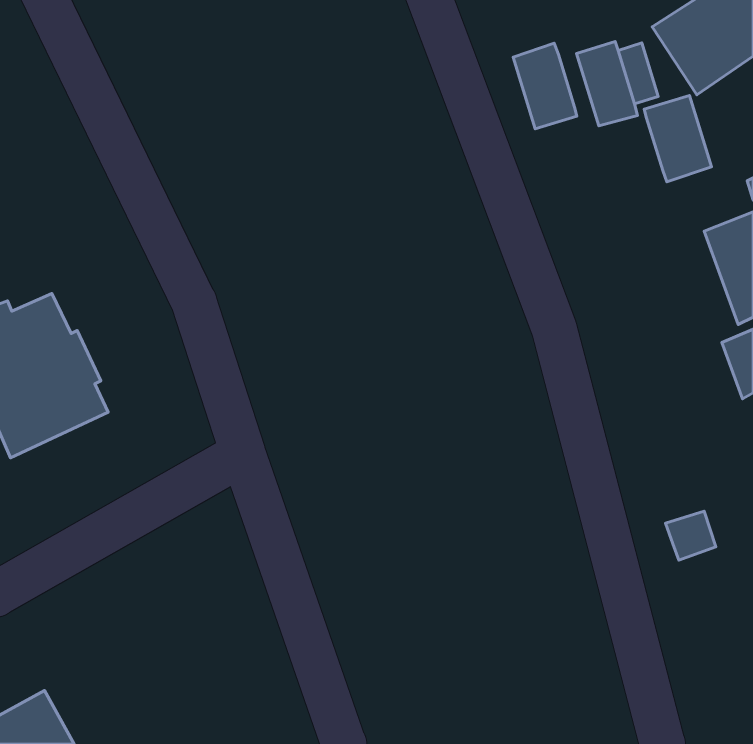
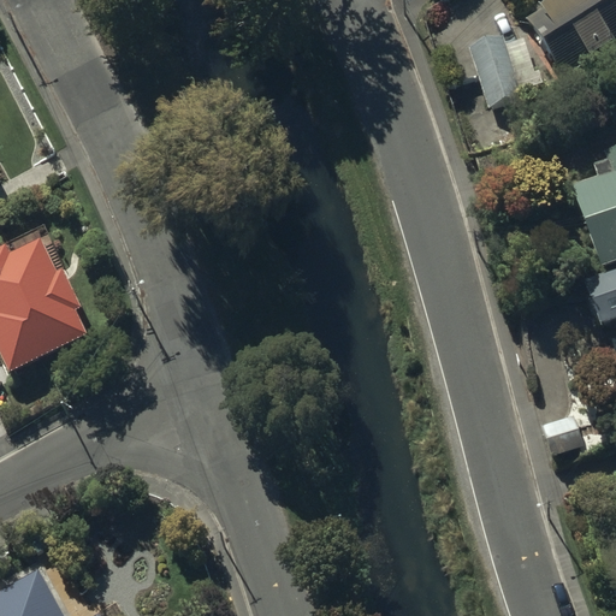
building: [513,43,577,129] -> none
building: [644,95,711,182] -> none

